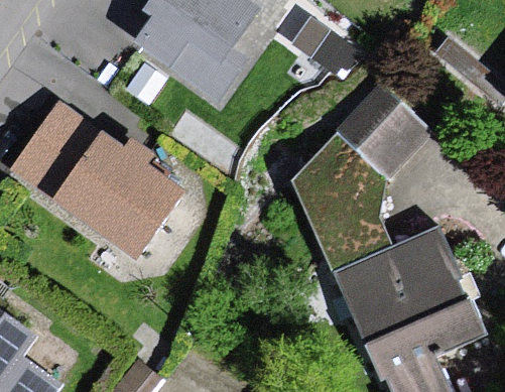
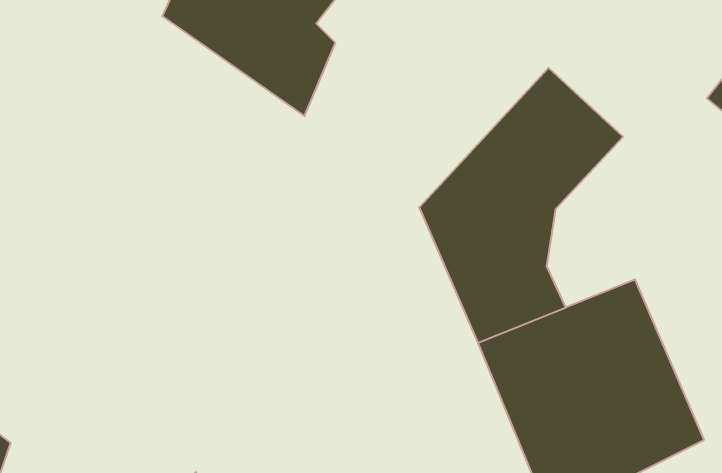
building: [12,100,186,256] -> none

